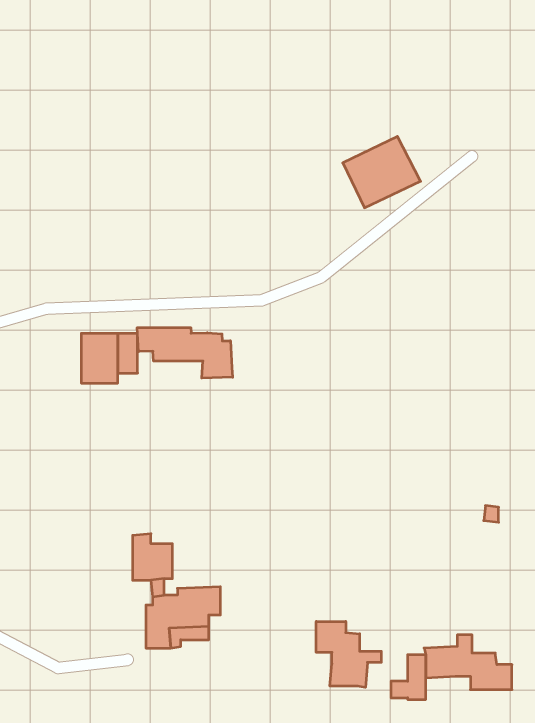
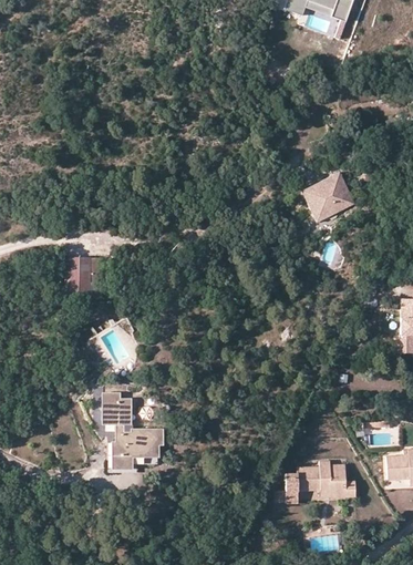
building: [343,136,421,208] -> [302,172,354,219]
building: [137,328,233,378] -> none
building: [316,621,381,687] -> none

